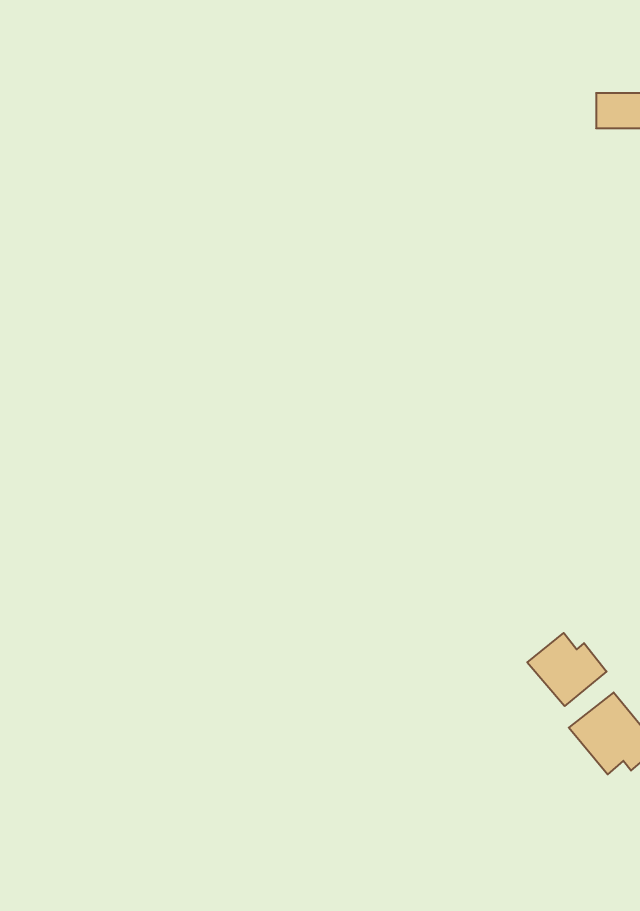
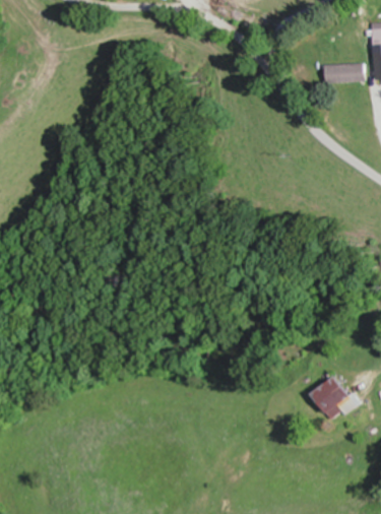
building: [527,633,607,706] -> none

